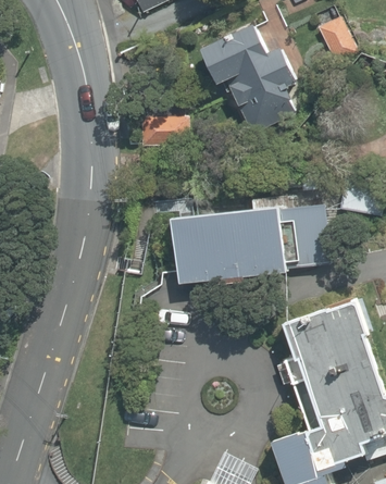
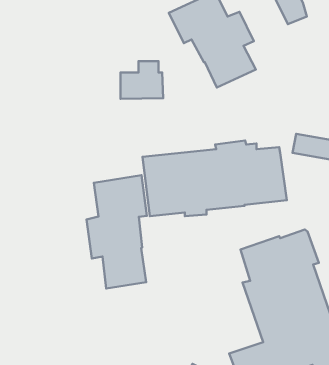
building: none -> [86,175,147,289]

